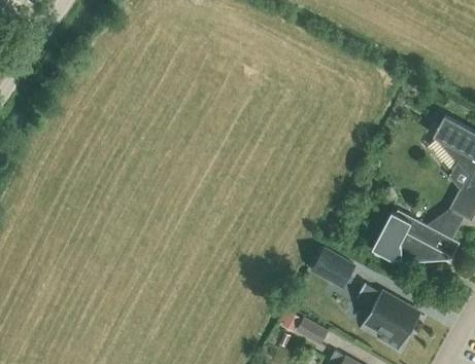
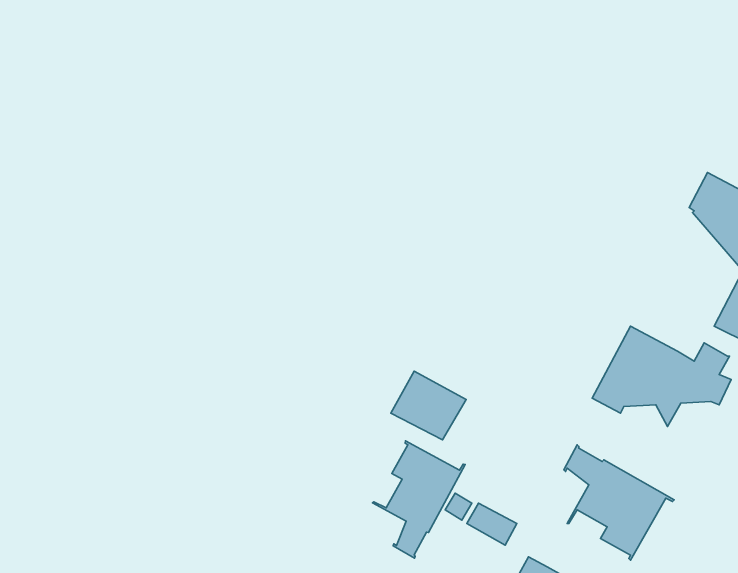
building: [310,247,357,289] -> [391,371,466,440]
building: none -> [373,441,465,558]

